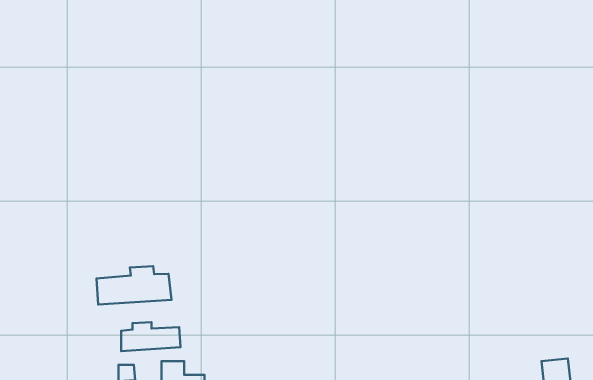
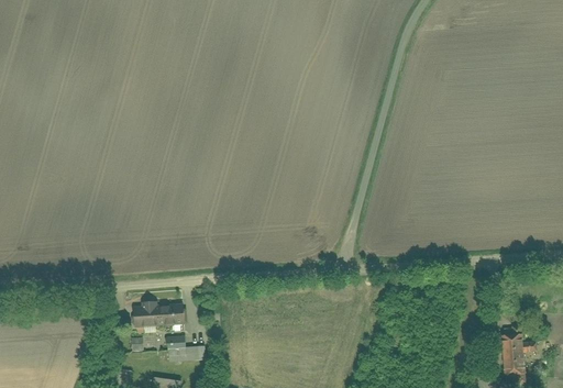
building: [97,266,172,304] -> none

